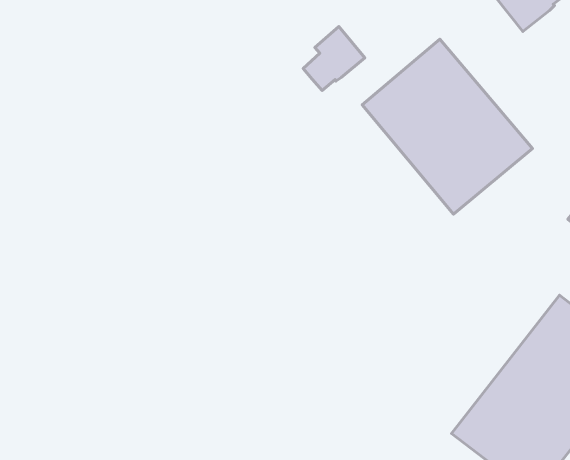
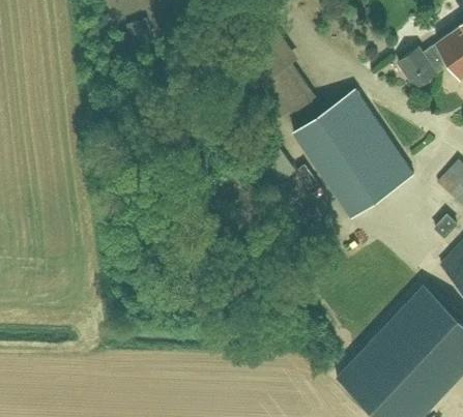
building: [303,27,365,91] -> none

